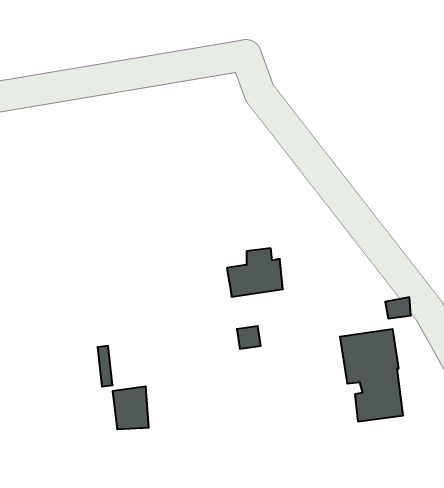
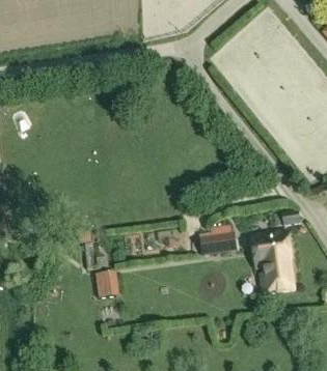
building: [227,248,283,297] -> [199,223,238,256]

